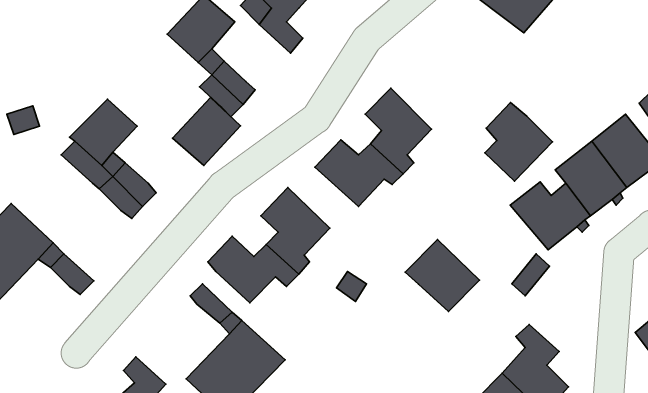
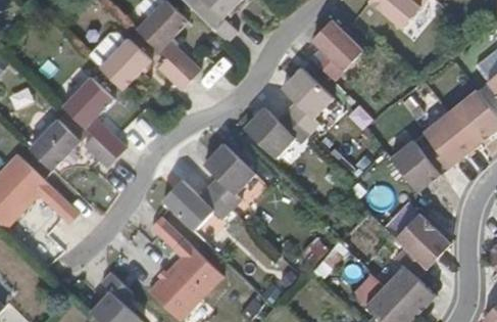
building: [173,97,240,165] -> [97,37,148,88]
building: [485,103,553,181] -> [311,20,362,80]
building: none -> [27,119,78,171]
building: [405,240,480,311] -> [396,213,452,267]

